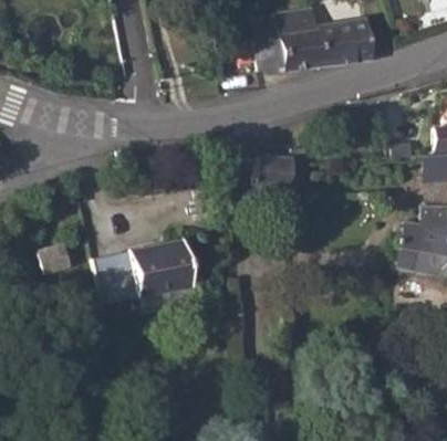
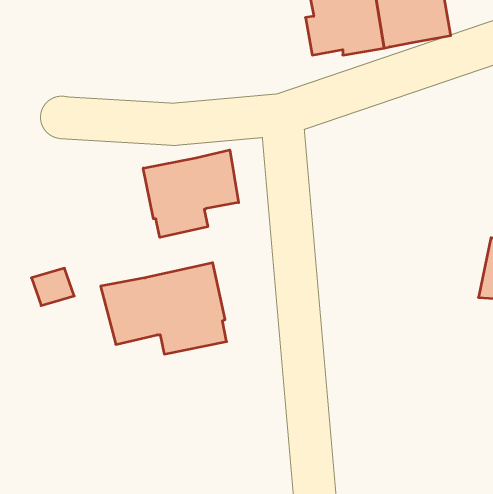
building: [257,146,311,187] -> none
building: none -> [143,150,239,237]

